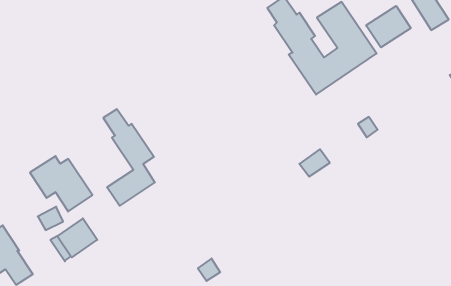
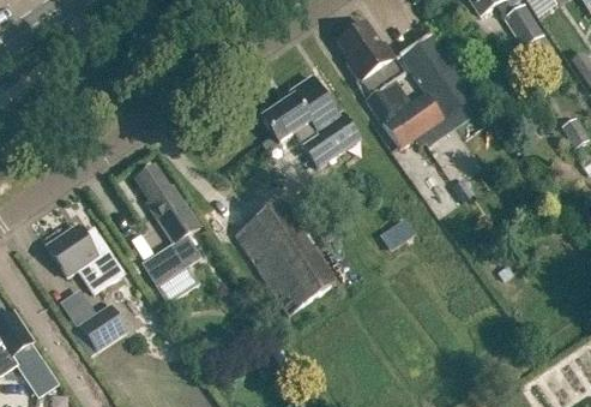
building: [366,6,411,47] -> none
building: none -> [261,77,360,168]
building: none -> [234,204,331,315]

